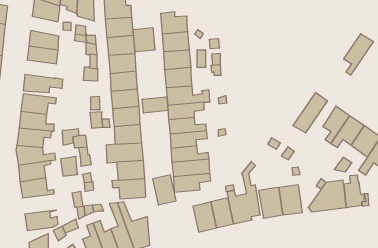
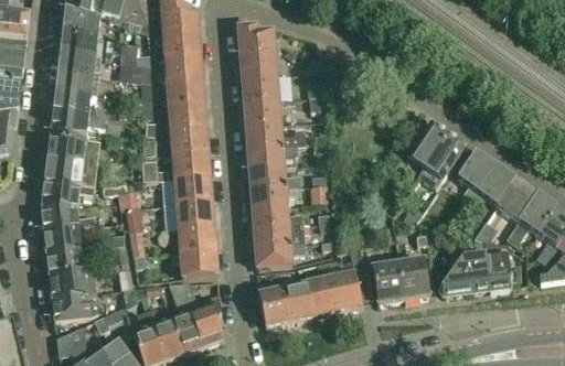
building: none -> [60,28,102,55]
building: [133,28,155,52] -> none
building: [344,34,374,75] -> [406,120,447,176]
building: none -> [52,87,95,112]
building: [142,97,168,113] -> none
building: [153,175,176,205] -> [256,286,288,326]
building: none -> [49,269,95,297]

